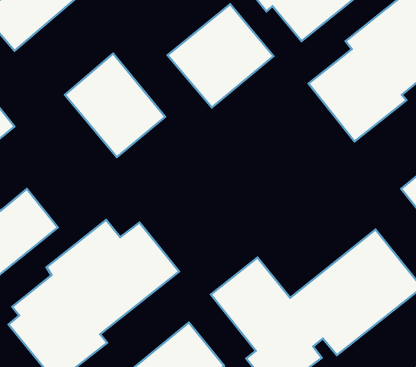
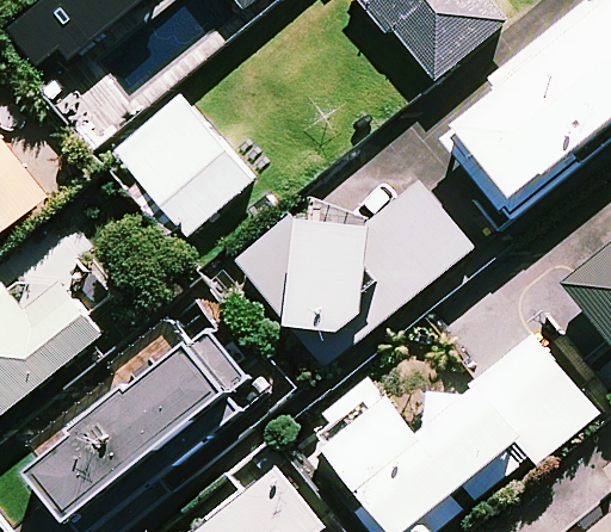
building: [167,4,274,107] -> none
building: none -> [237,177,474,364]

